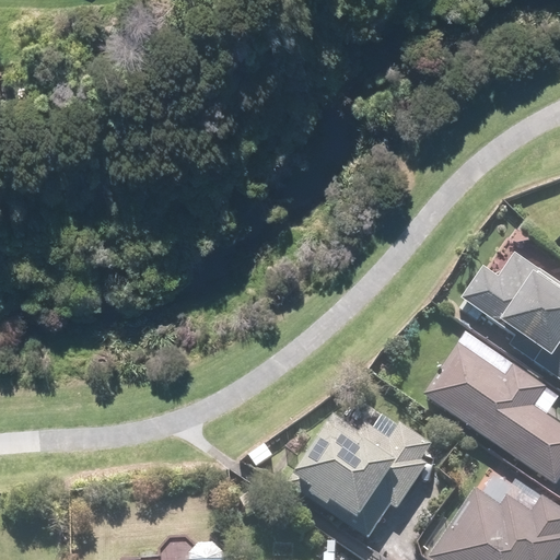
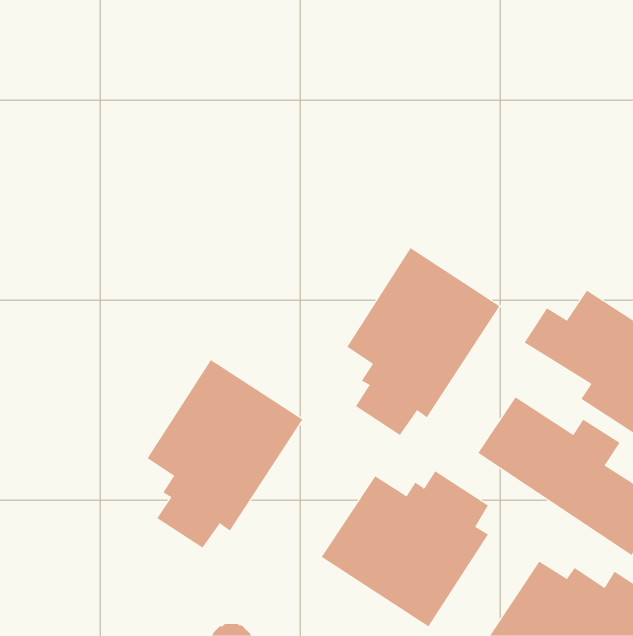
building: none -> [346,247,500,436]
building: none -> [147,359,303,549]

